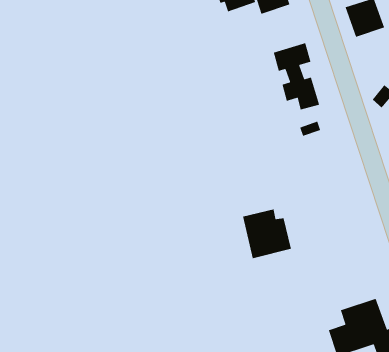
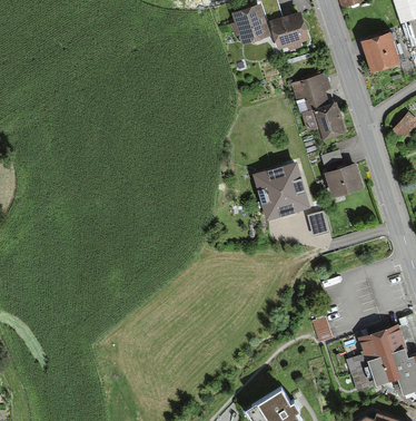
building: none -> [320,168,358,202]
building: [242,209,292,259] -> [252,169,303,221]

